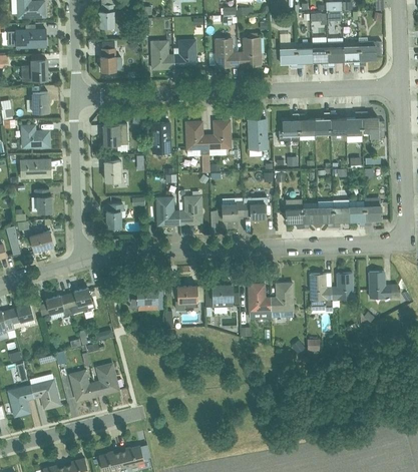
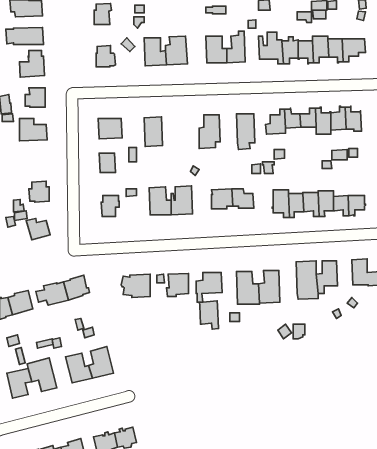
building: [185,121,210,171] -> none
building: [20,159,51,177] -> none
building: none -> [200,301,219,329]

